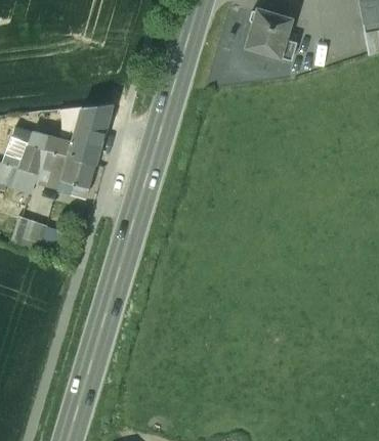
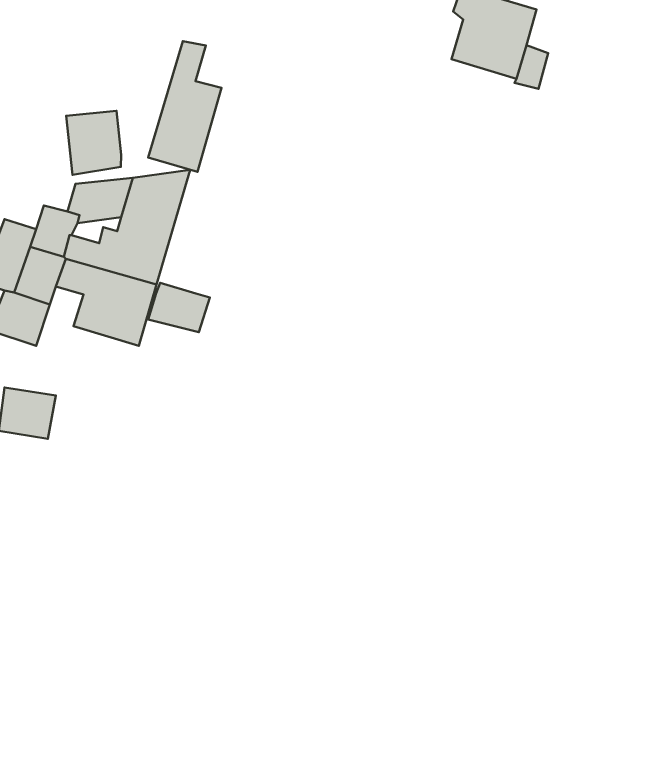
building: none -> [148,41,221,172]
building: none -> [66,111,121,175]
building: none -> [148,283,210,332]

